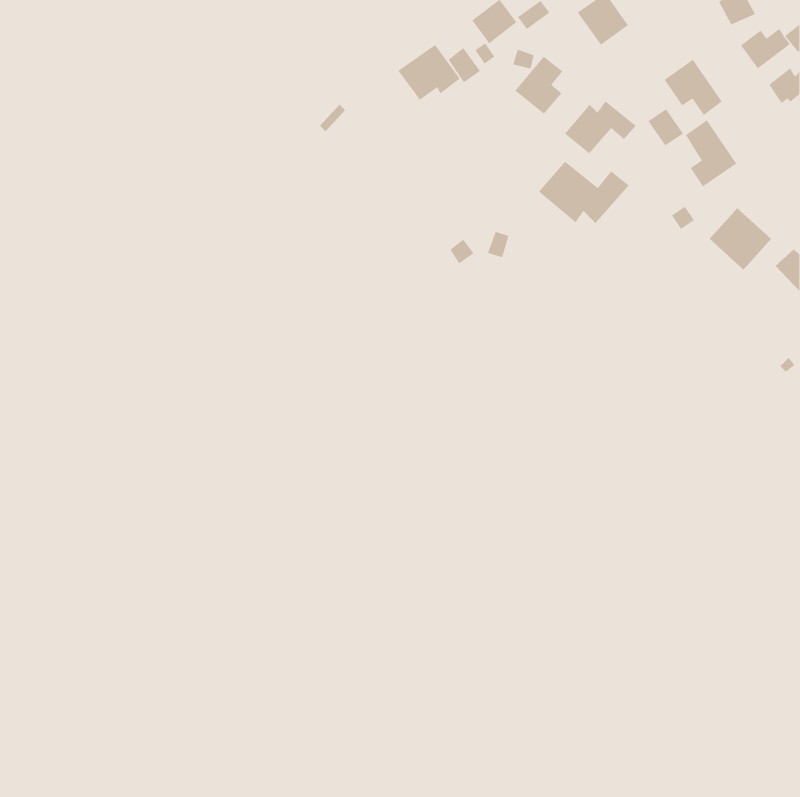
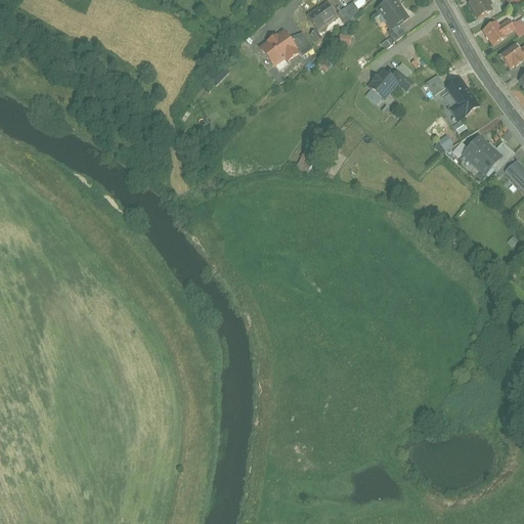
building: [514,56,563,115] -> none
building: [664,59,722,116] -> none
building: [538,161,630,224] -> none

